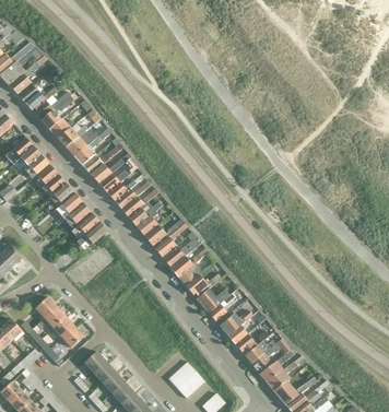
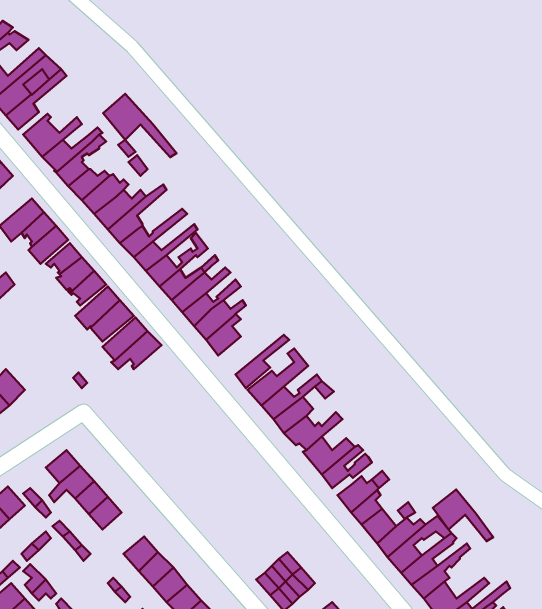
building: none -> [103,94,177,157]
building: [144,219,186,248] -> none
building: none -> [433,490,493,541]

